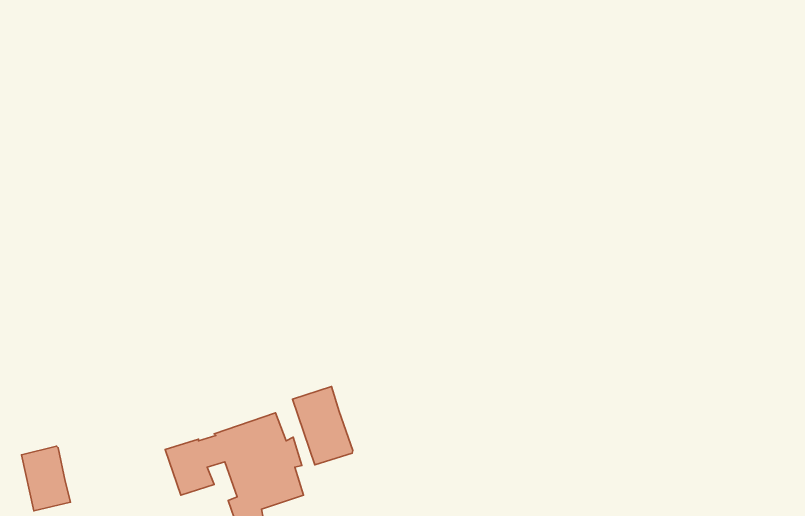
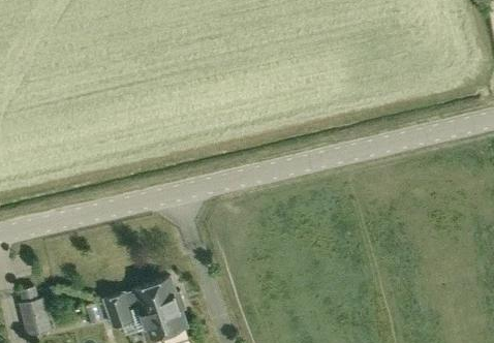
building: [292,387,353,465] -> none

